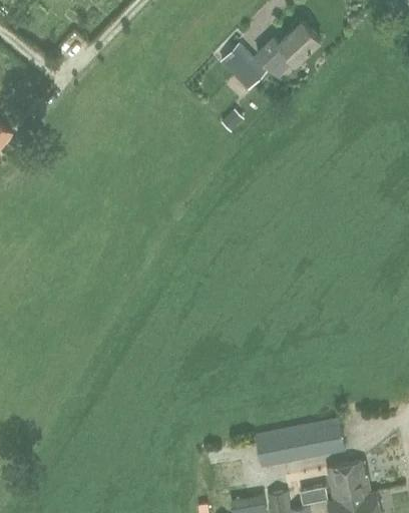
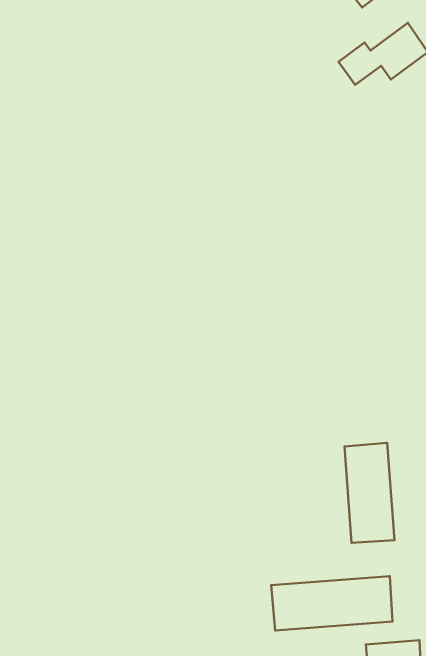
building: [220,45,265,90] -> none
building: none -> [344,443,395,543]

